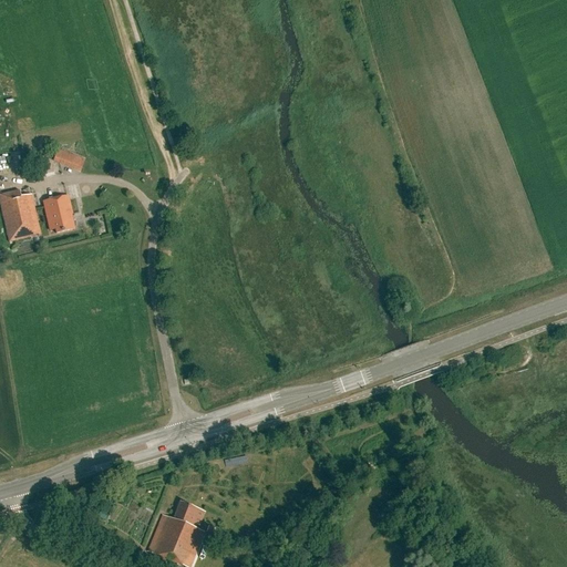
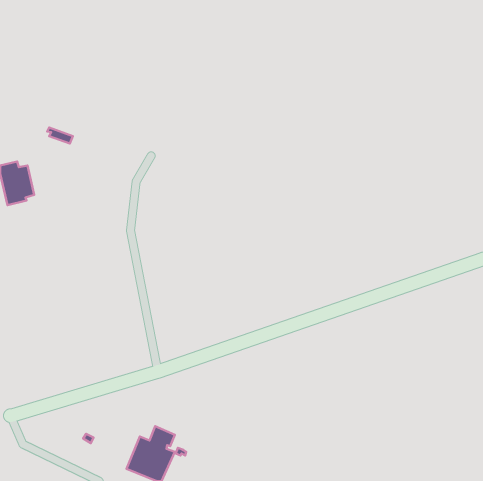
building: [43,194,75,231] -> none

